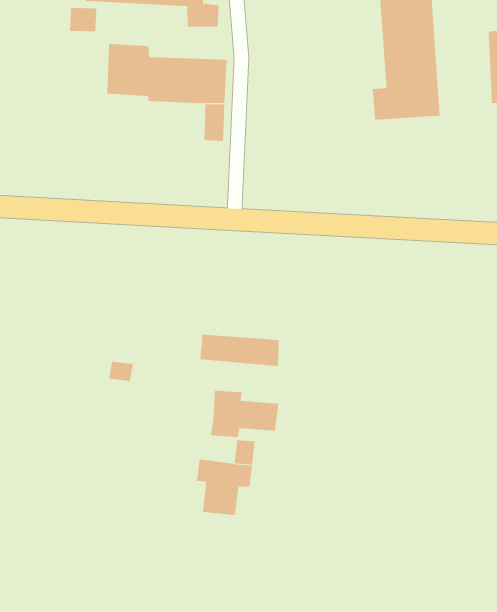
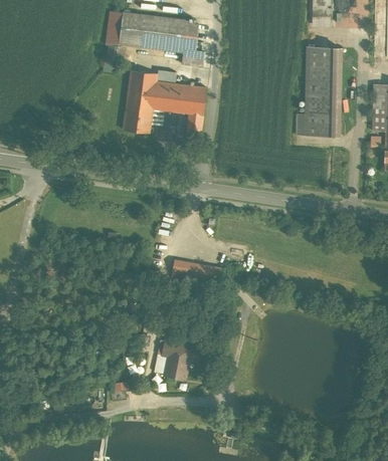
building: none -> [123,101,153,133]
building: [210,390,279,438] -> none

